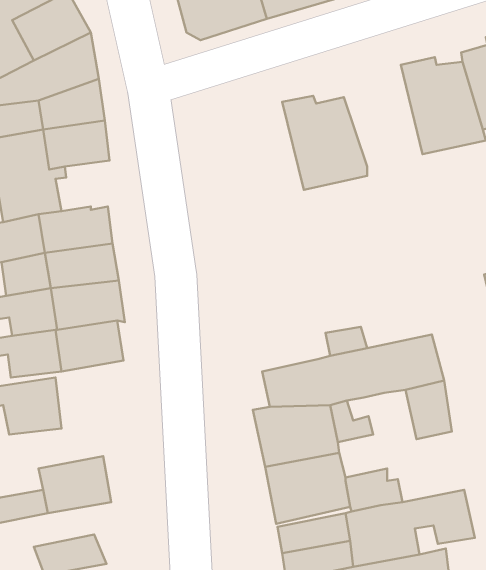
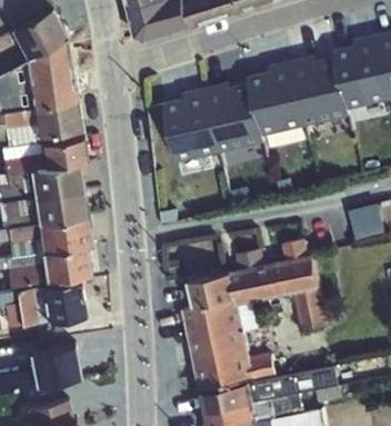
building: none -> [248,60,305,133]
building: none -> [164,87,220,160]
building: none -> [41,137,86,166]
building: none -> [41,279,90,323]

